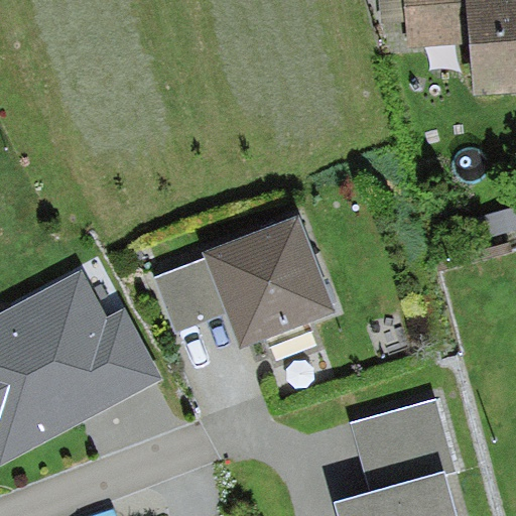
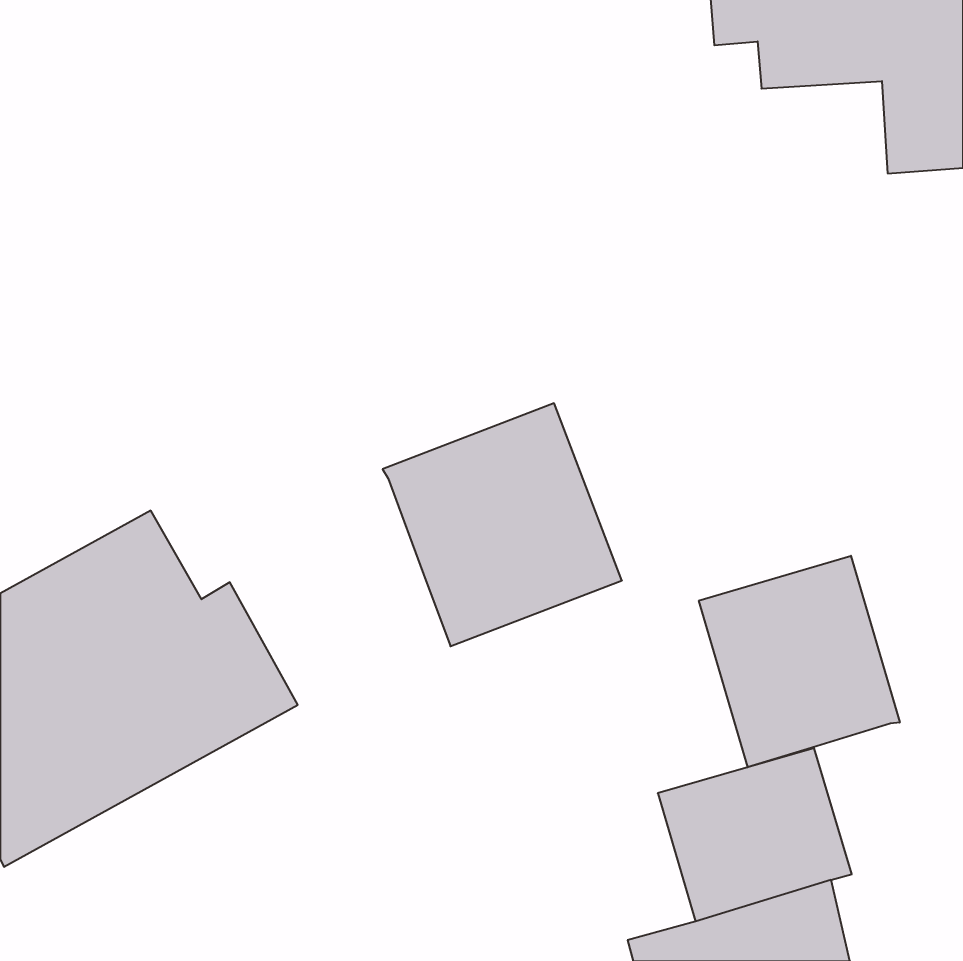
building: [154,256,228,330] -> none
building: none -> [699,556,900,767]

